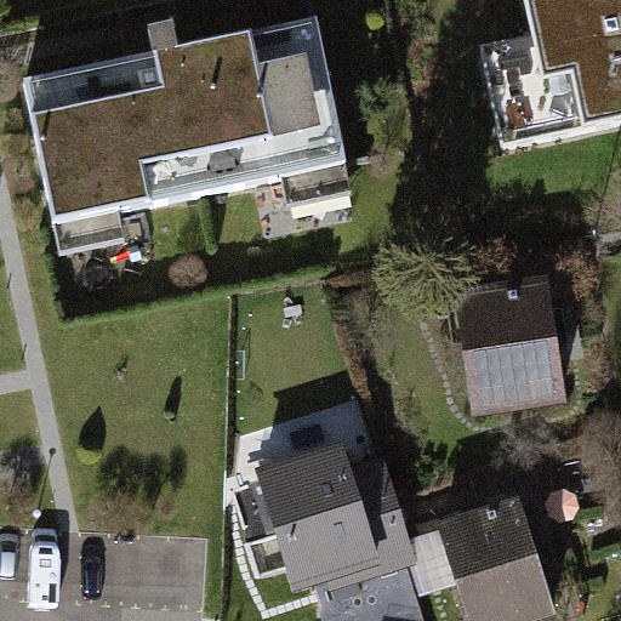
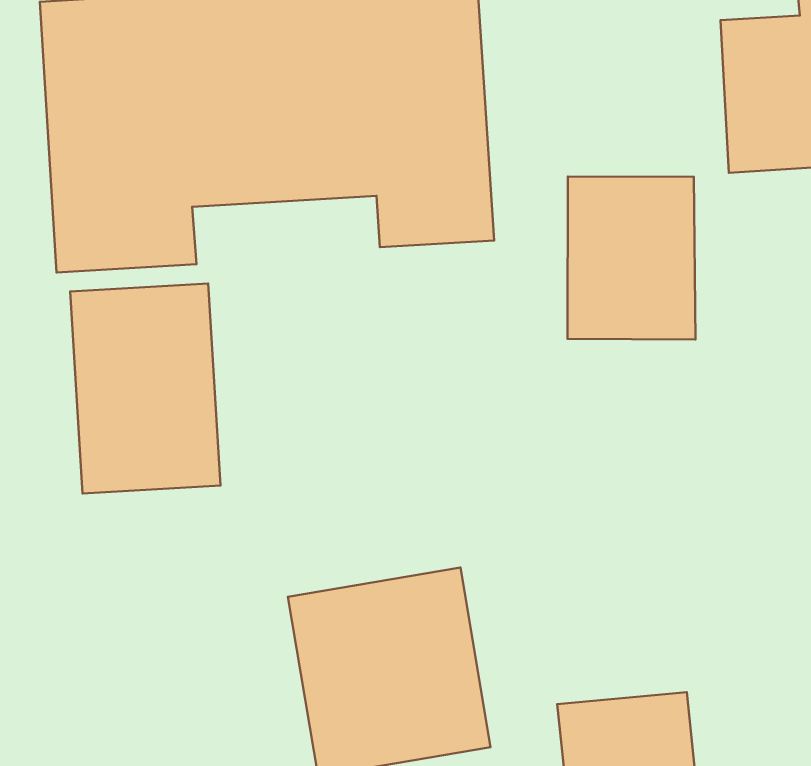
building: none -> [70,284,221,494]
building: [456,269,557,389] -> [568,177,695,339]

